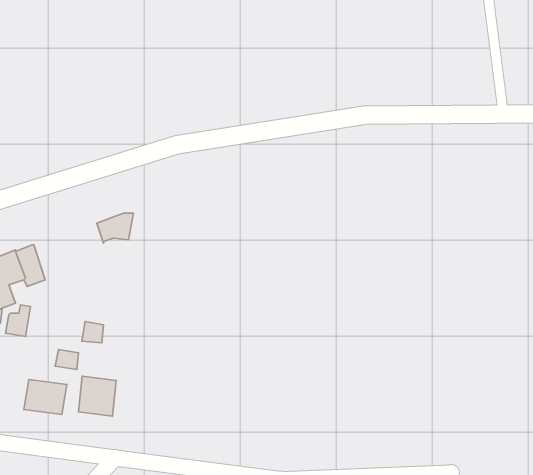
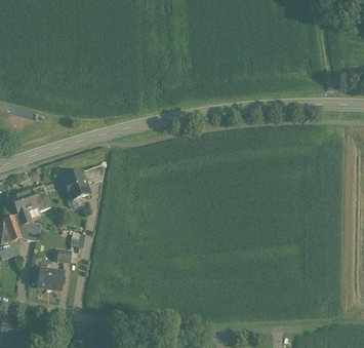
building: none -> [64,170,89,199]
building: [78,376,116,416] -> none

